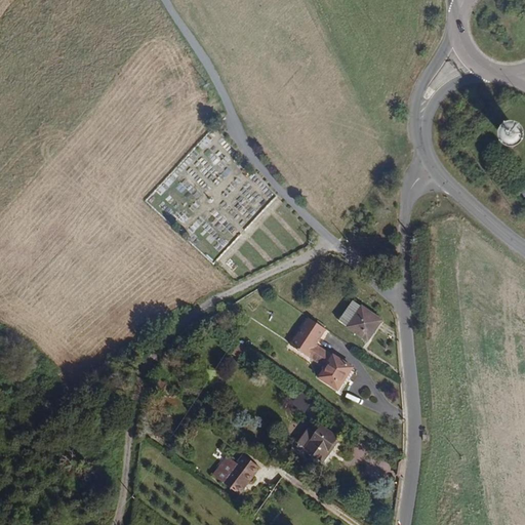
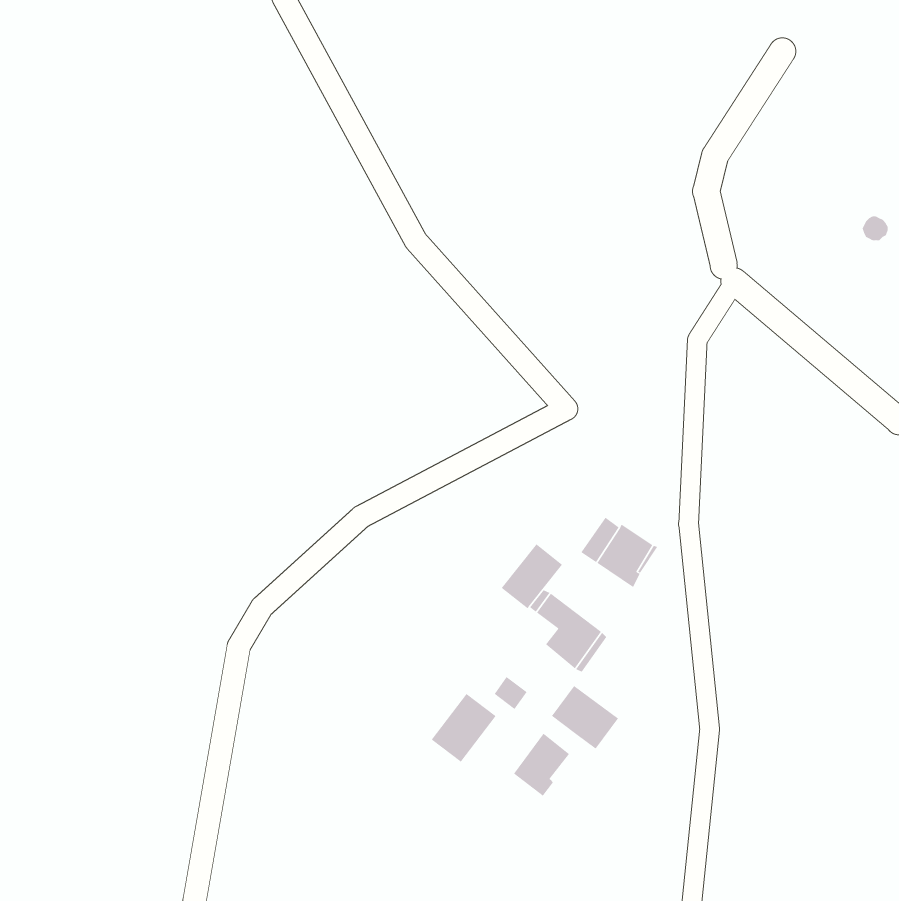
building: none -> [551,685,619,749]
building: [220,454,258,494] -> [431,693,496,762]

